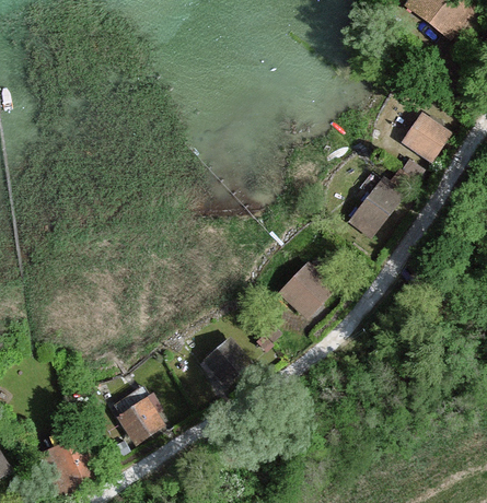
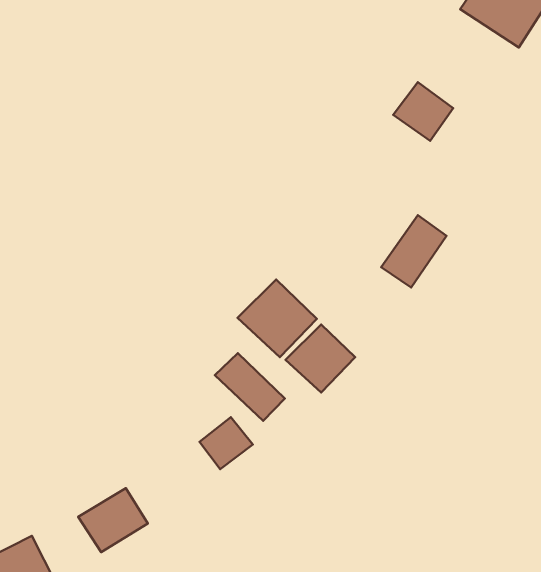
building: [401,112,449,159] -> [393,82,453,141]
building: none -> [238,280,317,357]
building: none -> [215,353,285,421]

